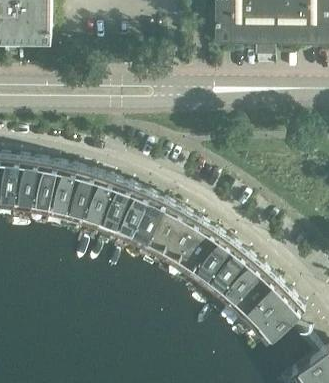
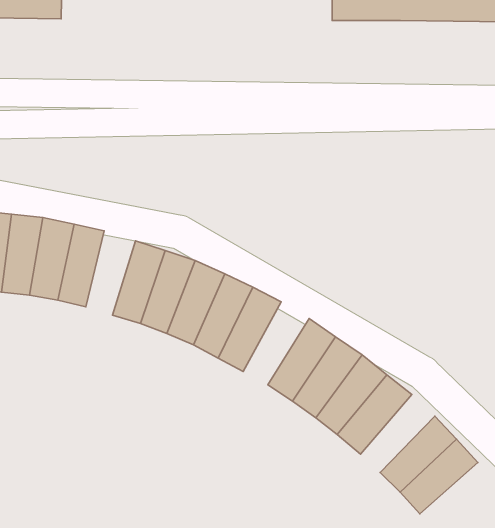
building: [65,169,95,220] -> none
building: [160,212,200,262] -> none
building: [231,268,276,315] -> none

